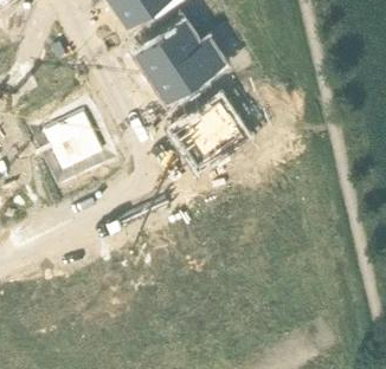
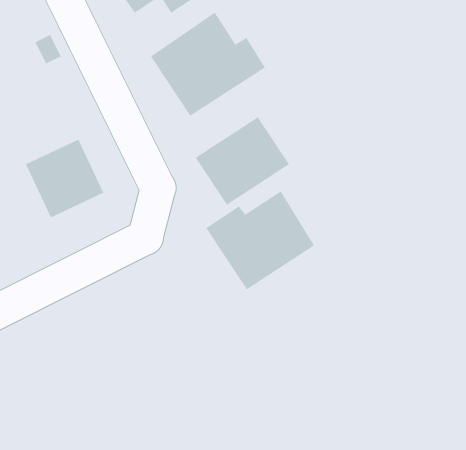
building: none -> [205,191,315,290]

